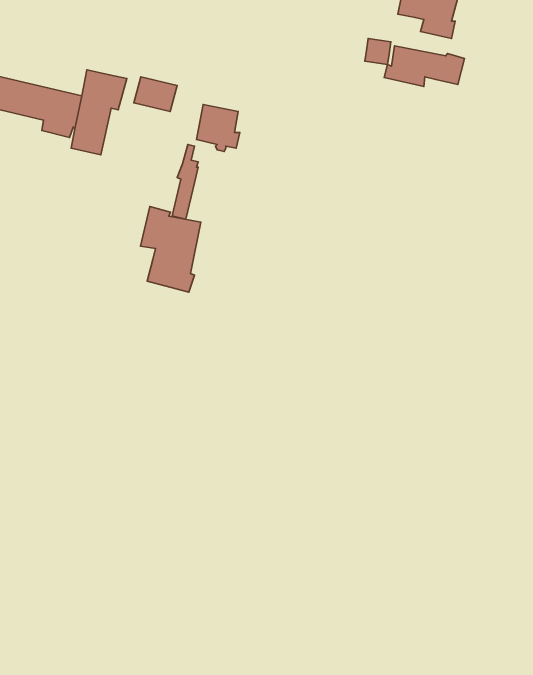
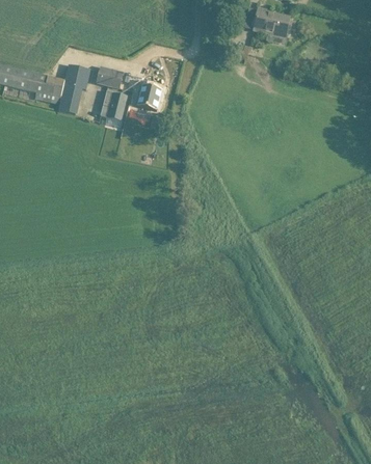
building: [384,46,464,86] -> none
building: none -> [102,90,128,120]
building: [140,207,201,292] -> none

